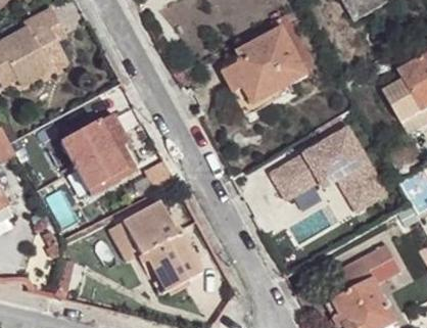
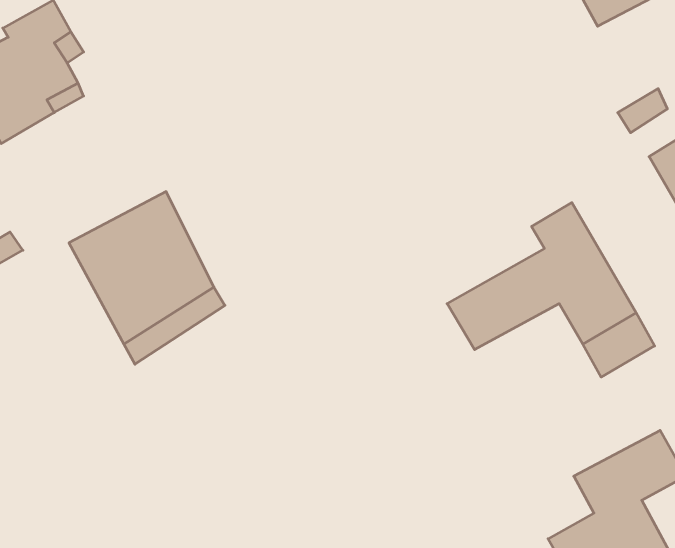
building: [222,30,307,104] -> none
building: [118,199,201,287] -> none

